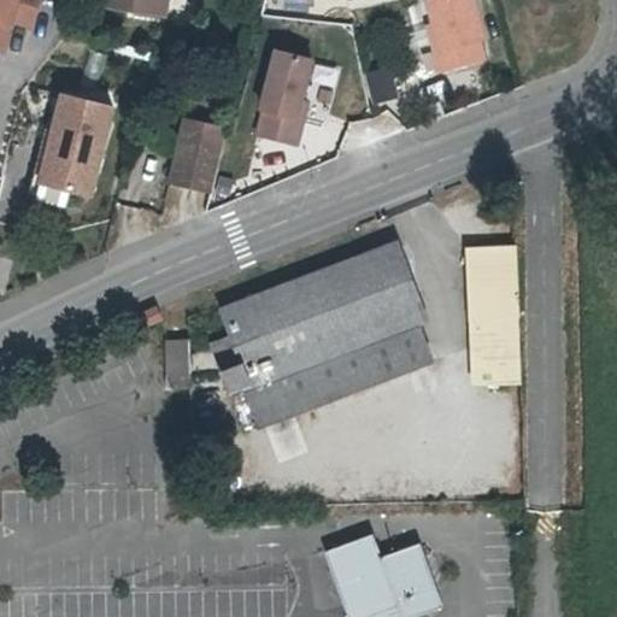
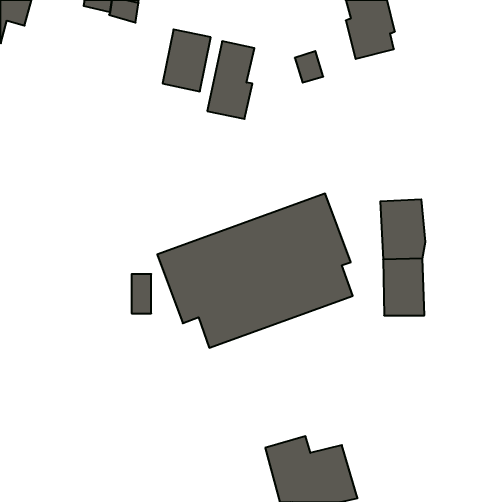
building: [33,93,113,198] -> none
building: [166,117,225,193] -> [163,29,211,91]

